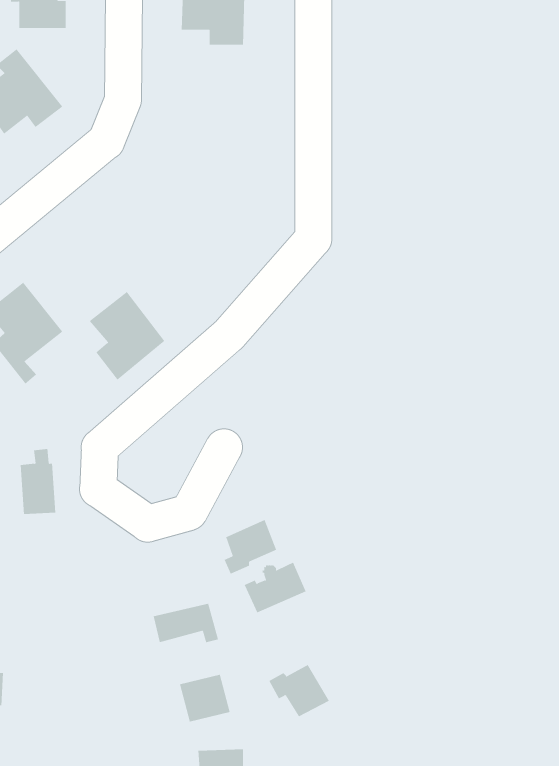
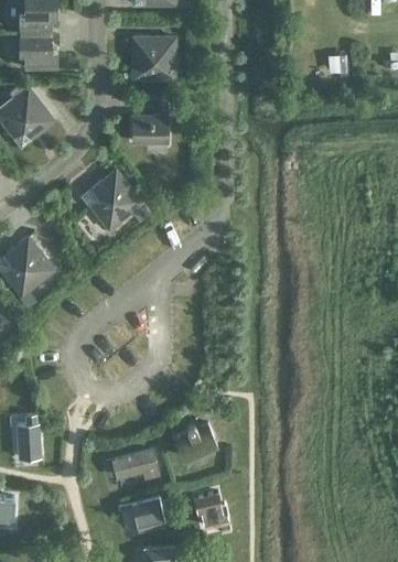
building: none -> [131,106,166,143]
building: [89,291,165,381] -> [89,171,140,230]
building: [20,448,56,515] -> [15,415,40,460]
building: [224,519,277,574] -> none

